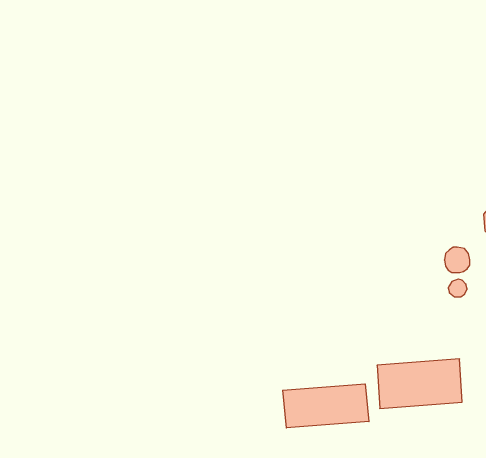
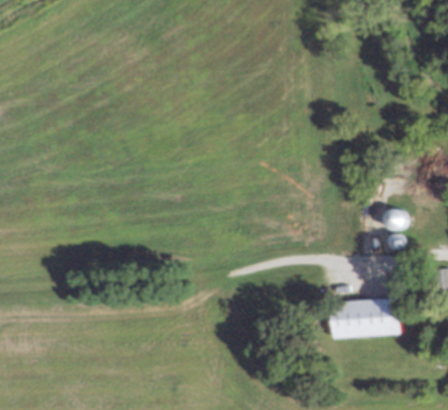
building: [283,384,369,428] -> none

